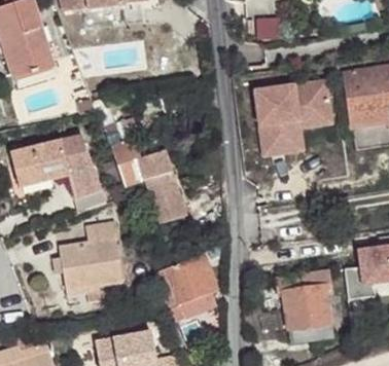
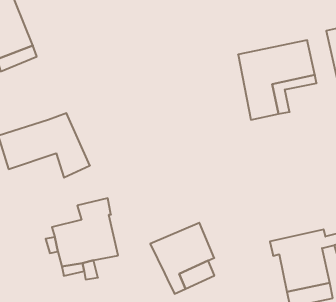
building: [91,98,185,222] -> none

